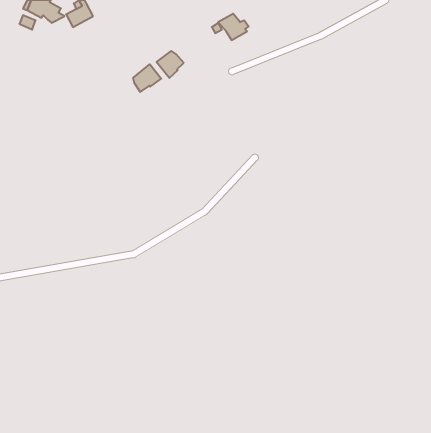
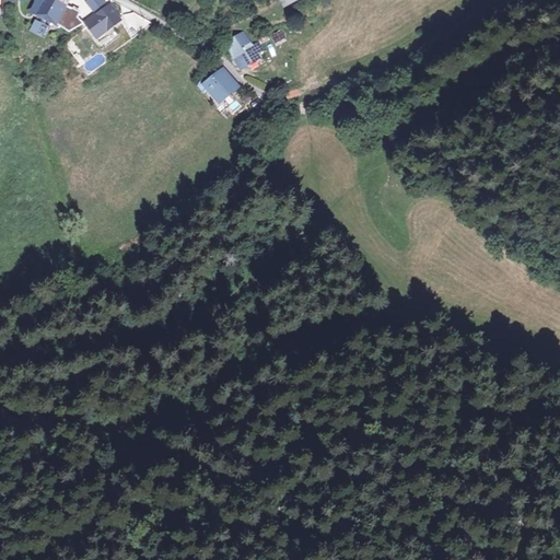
building: [218,14,249,40] -> [224,33,264,67]
building: [133,64,161,92] -> none

